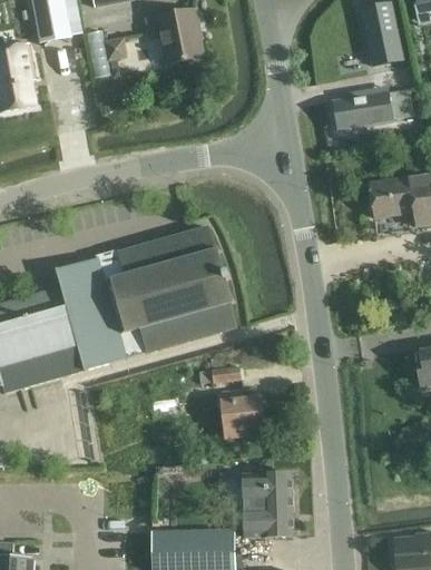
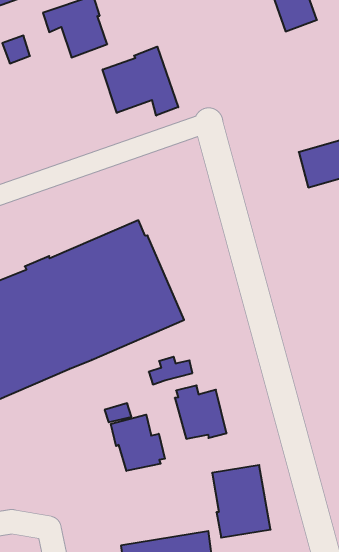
building: none -> [103,47,178,116]
building: [333,90,409,128] -> none
building: none -> [111,415,165,471]

